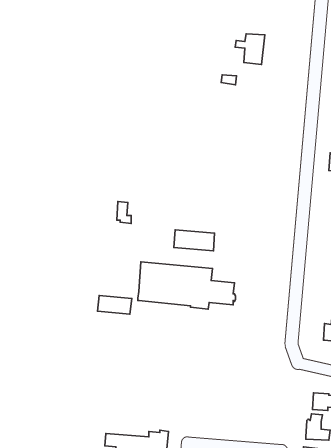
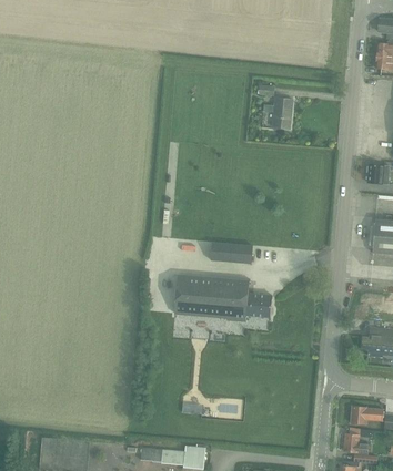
building: [235,34,265,65] -> [263,98,293,129]
building: [98,296,132,314] -> none

